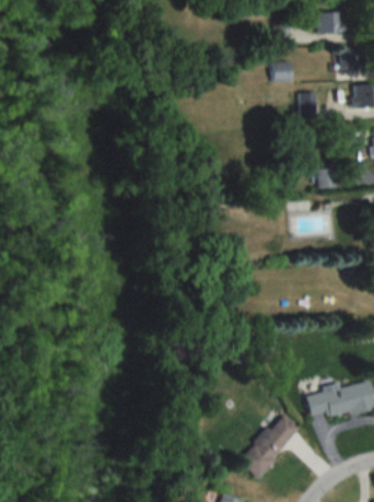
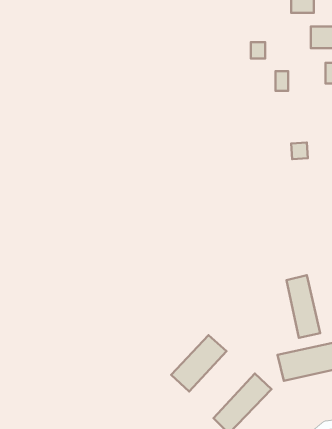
building: none -> [286,275,320,338]
building: none -> [171,335,226,392]

